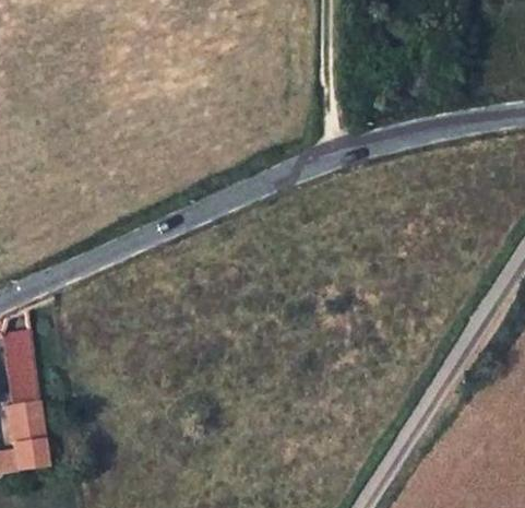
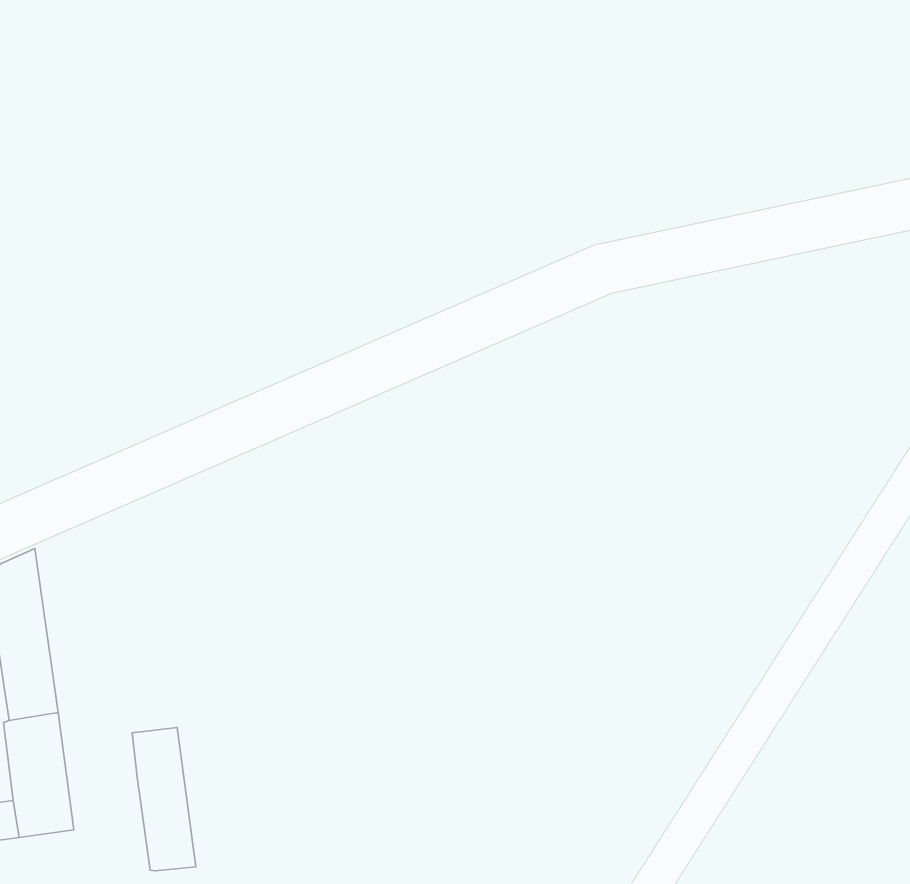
building: none -> [132,728,196,871]

